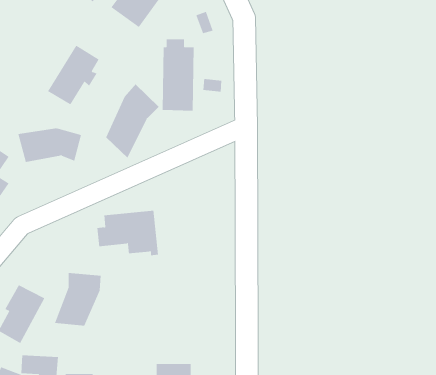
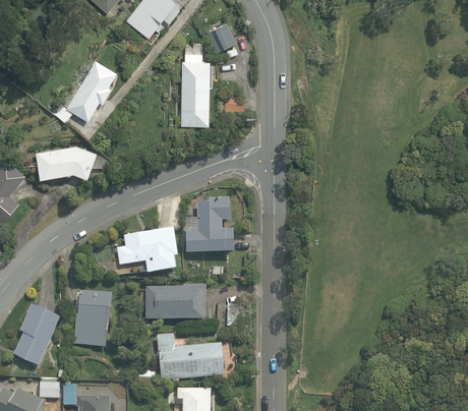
building: [106,84,159,158] -> none
building: none -> [184,201,236,252]
building: none -> [142,285,204,320]
building: none -> [155,333,226,379]

